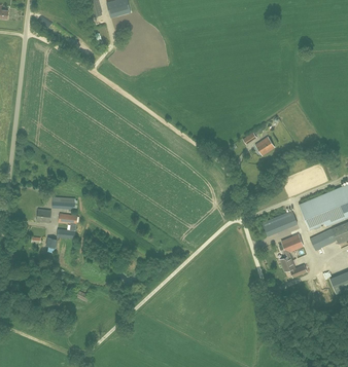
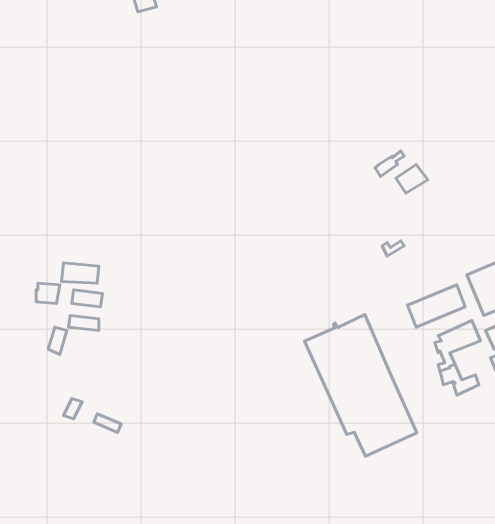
building: none -> [304,314,417,456]

